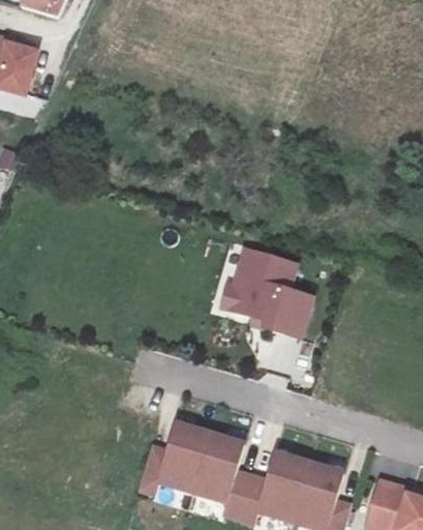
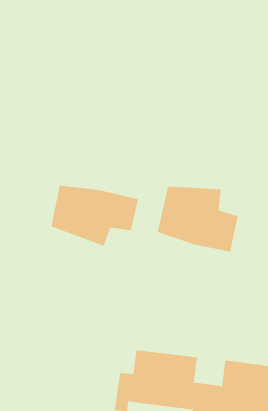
building: none -> [51,185,138,246]

